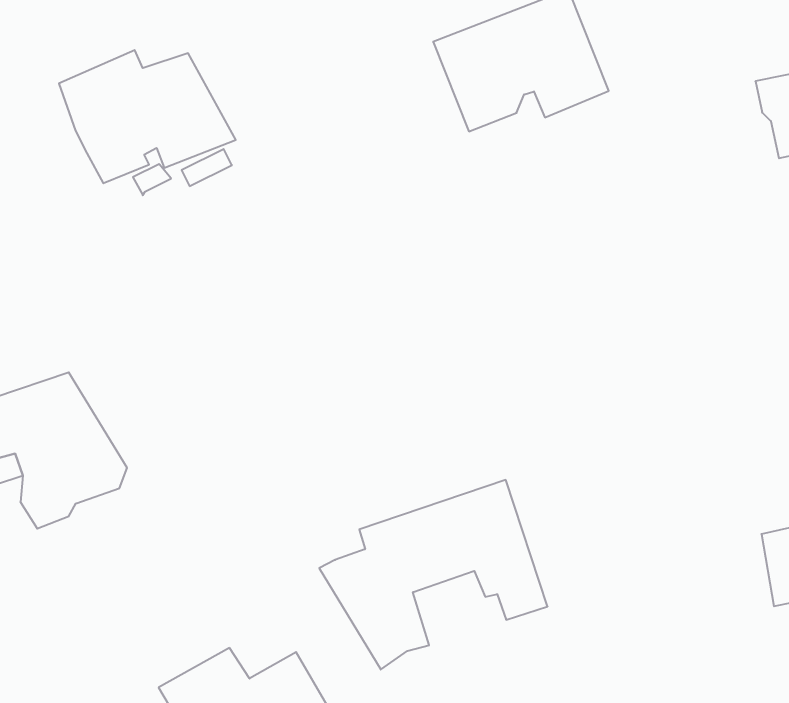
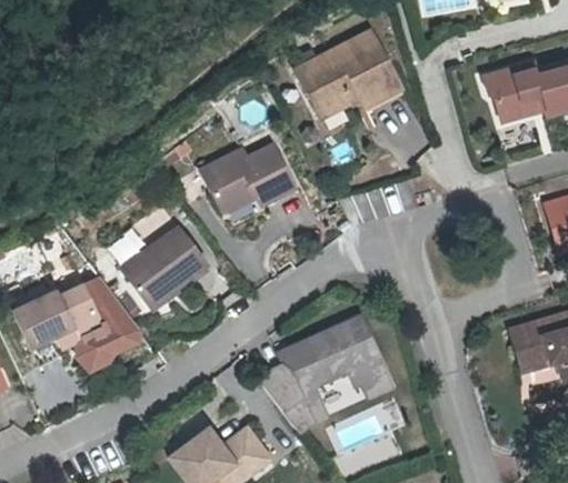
building: [59,50,236,183] -> [192,141,298,221]
building: none -> [120,227,208,310]

